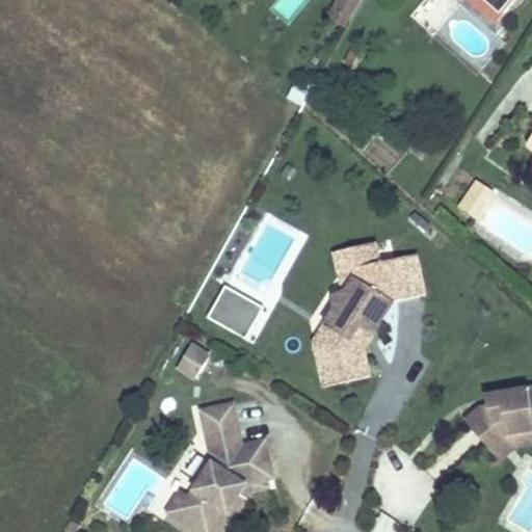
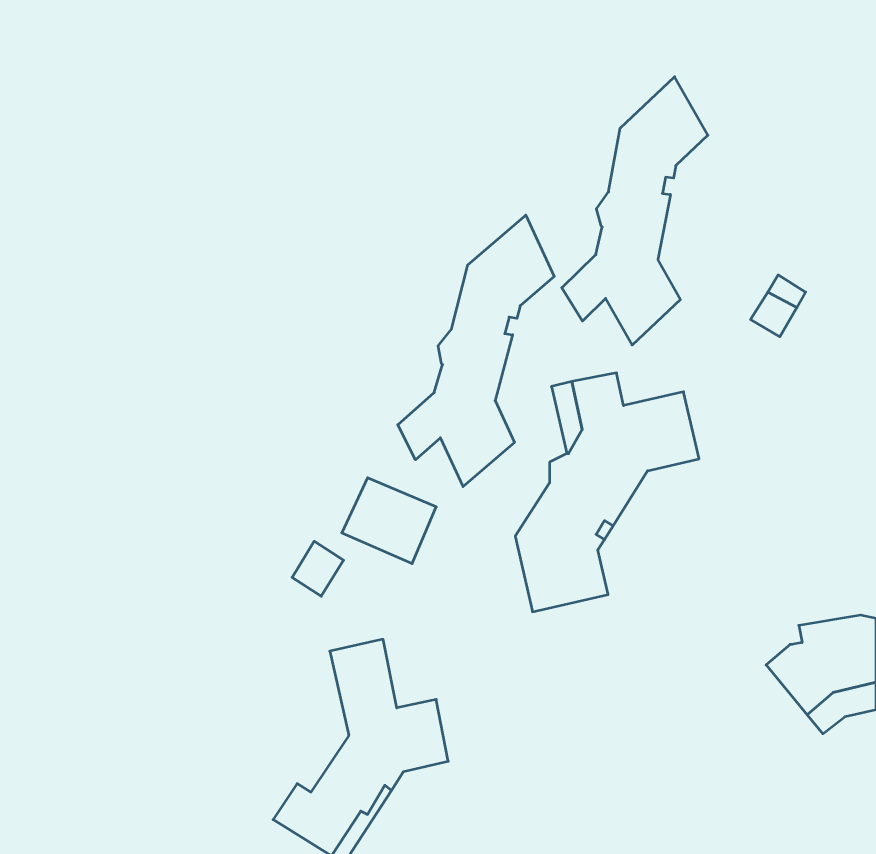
building: none -> [562,77,708,345]
building: none -> [398,215,554,487]

